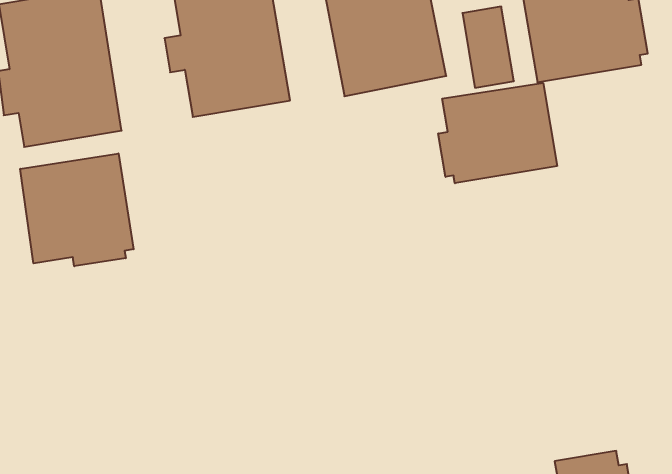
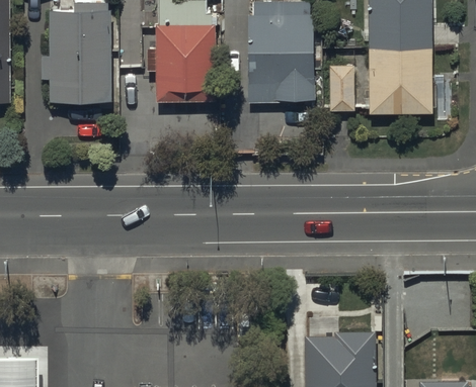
building: [438,83,557,183] -> none
building: [20,153,134,266] -> none

